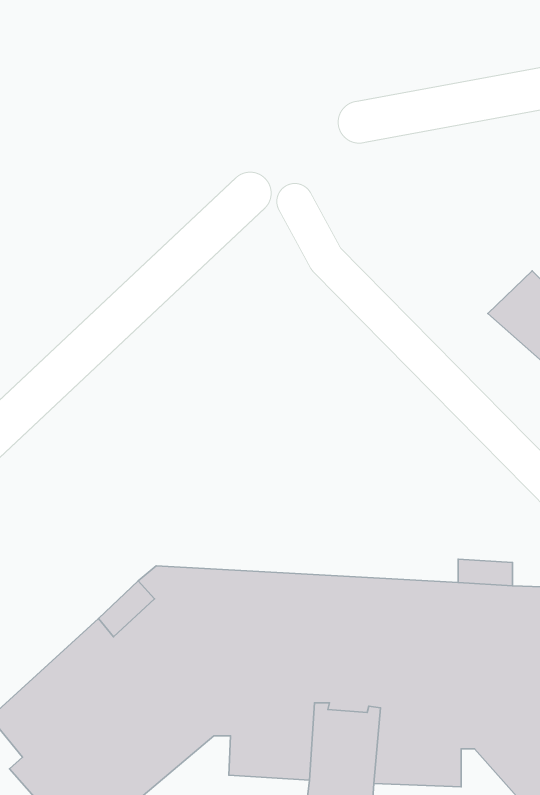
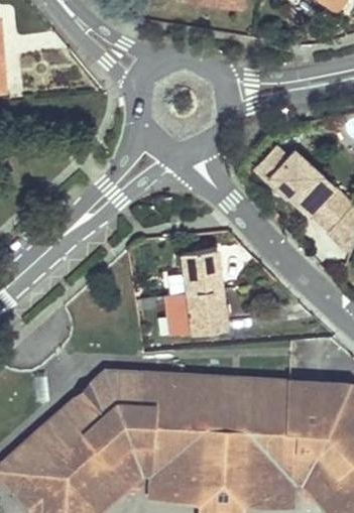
building: none -> [254,147,336,217]
building: none -> [164,249,226,335]

